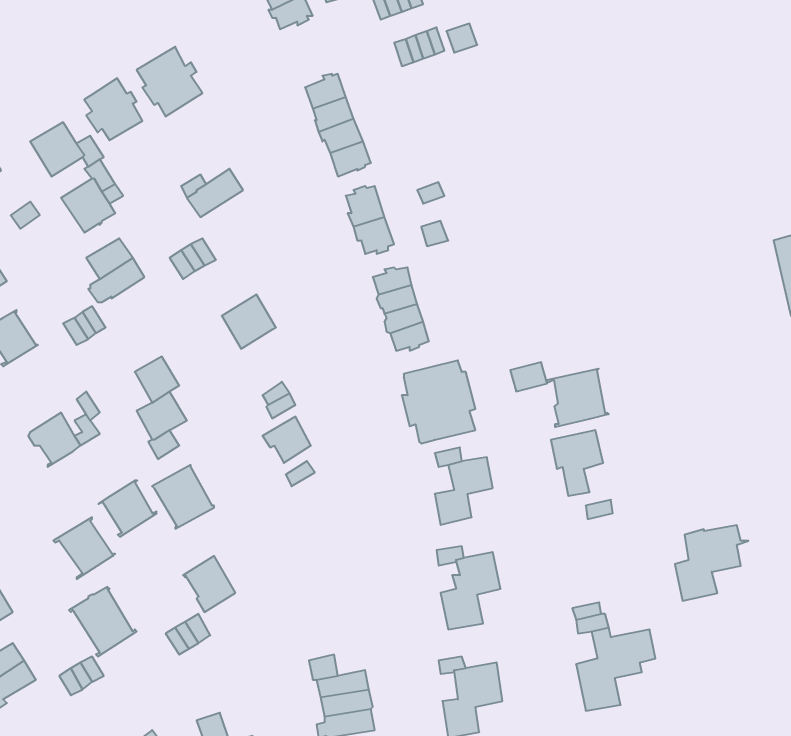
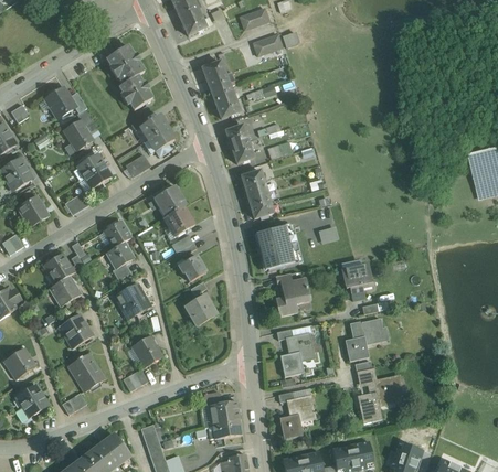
building: [84,78,142,140] -> [119,74,152,109]
building: none -> [142,126,174,155]
building: none -> [163,205,194,234]
building: [547,369,609,427] -> none
building: [98,481,157,537] -> [49,275,82,307]
building: none -> [186,294,216,325]
building: [675,525,748,601] -> [345,318,386,361]

